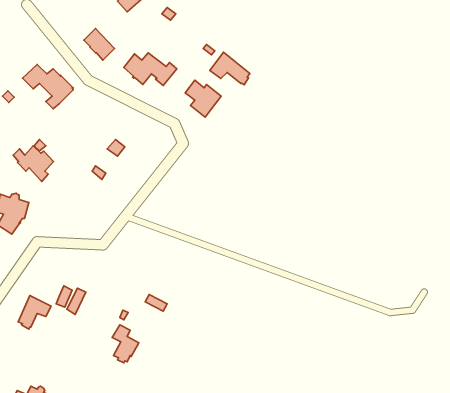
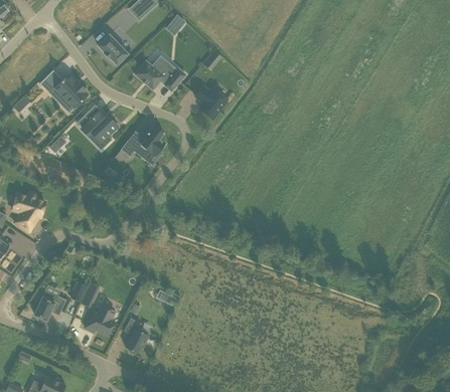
building: [210,52,250,85] -> none
building: none -> [138,126,164,163]
building: [13,146,53,182] -> [76,111,114,145]
building: none -> [85,305,115,335]

